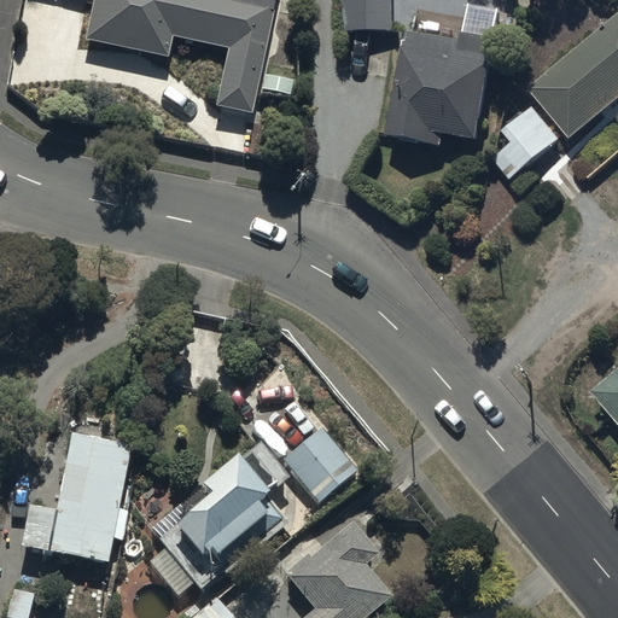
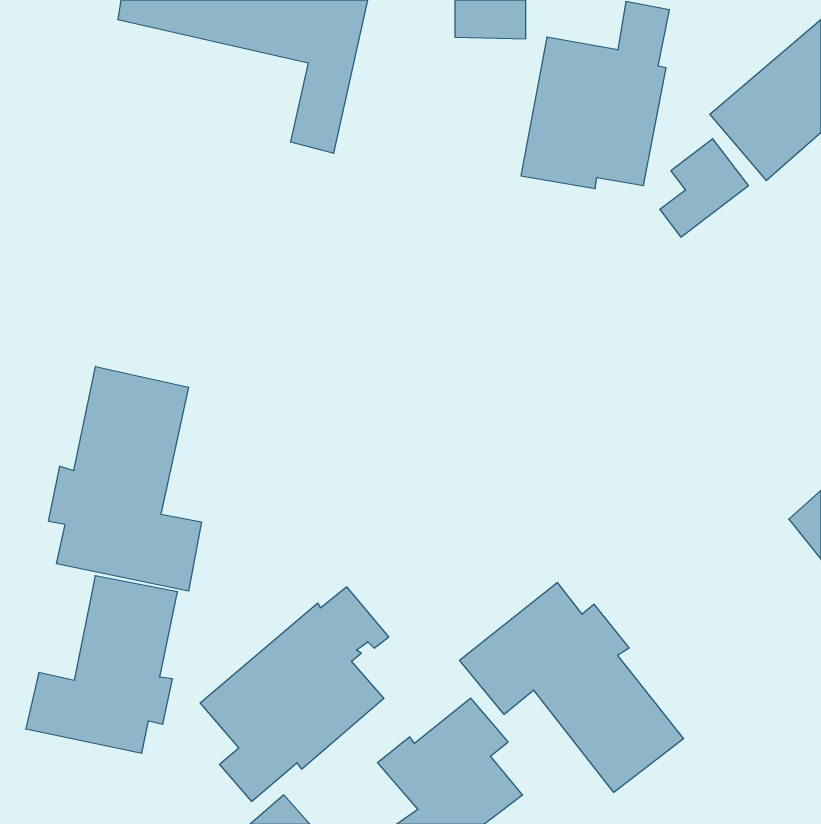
building: none -> [49,366,202,591]
building: [281,428,354,501] -> none
building: none -> [460,583,684,792]

